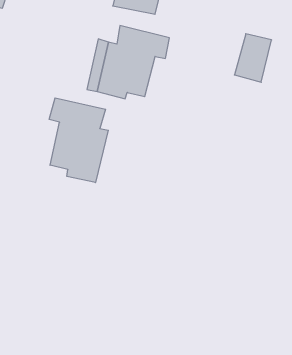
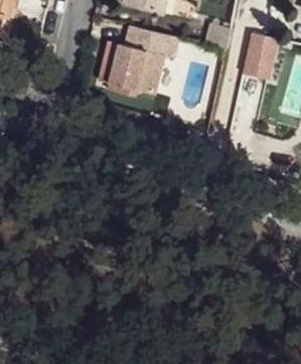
building: [49,98,108,183] -> none

